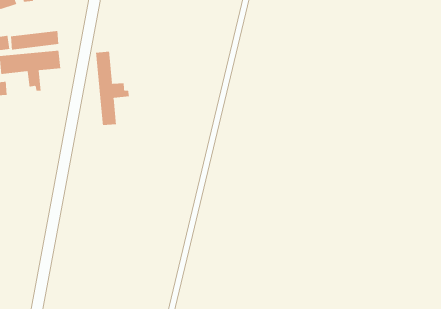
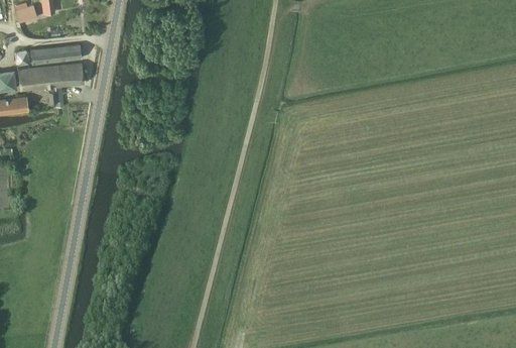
building: [95,51,130,126] -> none

